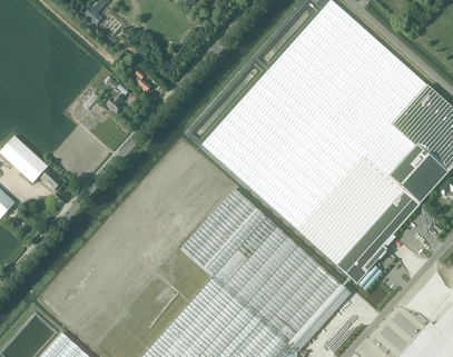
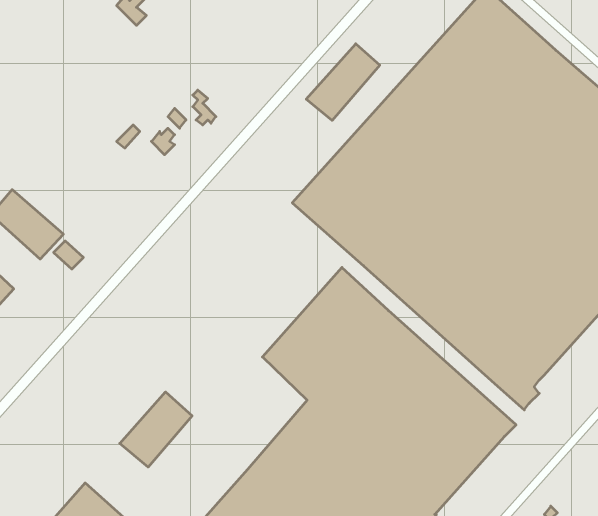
building: none -> [306,44,380,120]
building: none -> [120,392,192,467]

